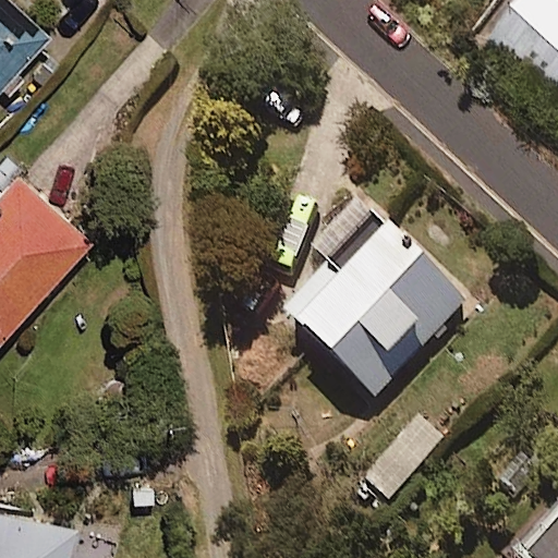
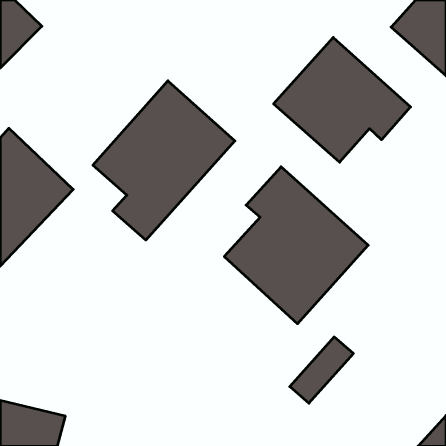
building: none -> [274,37,411,162]
building: none -> [93,81,235,240]

